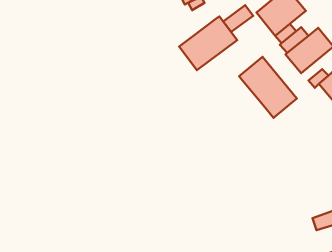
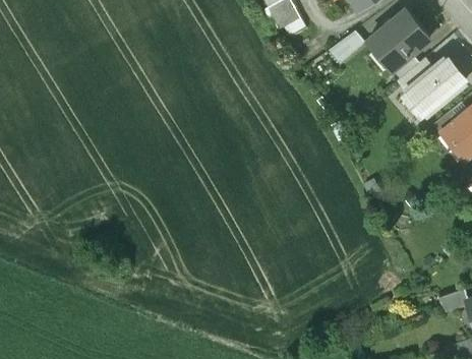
building: [179,16,237,70] -> none
building: [239,57,297,118] -> none

